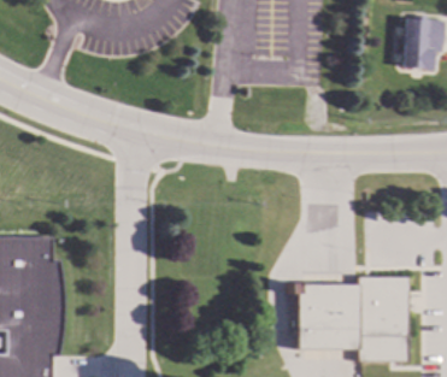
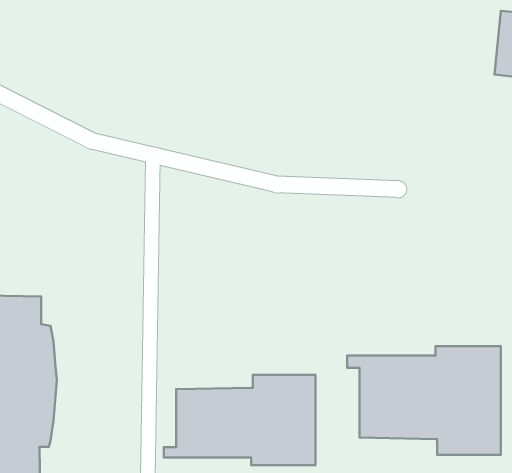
building: none -> [164,375,316,465]

